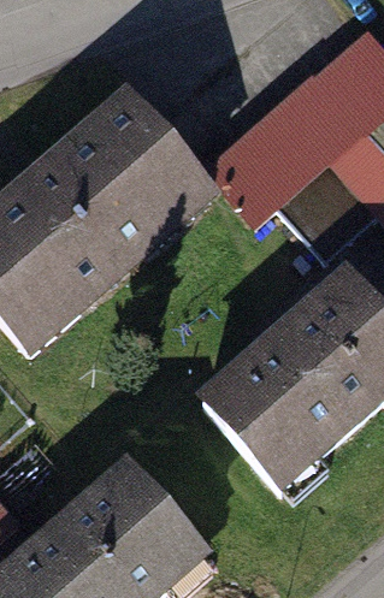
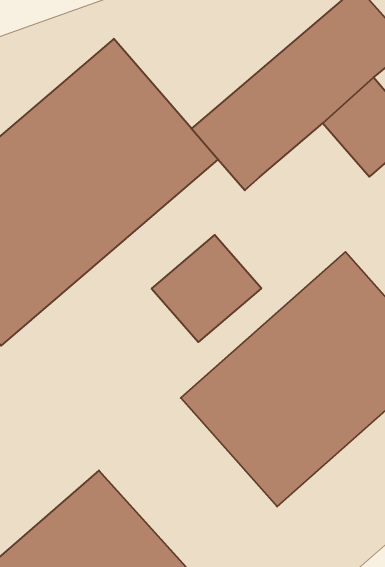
building: [270,152,368,248] -> [152,235,261,342]

